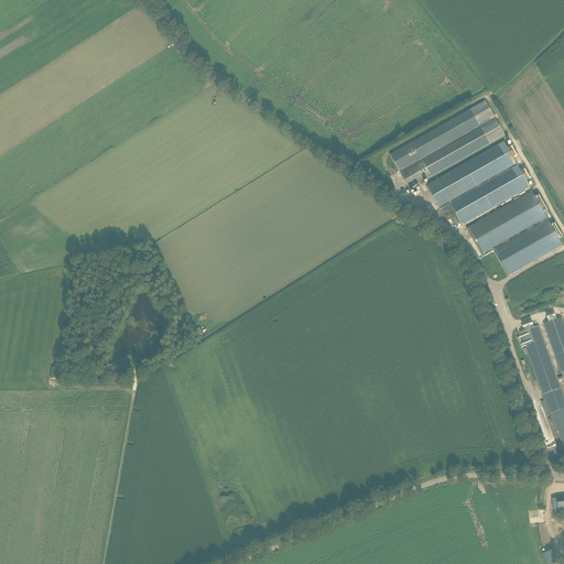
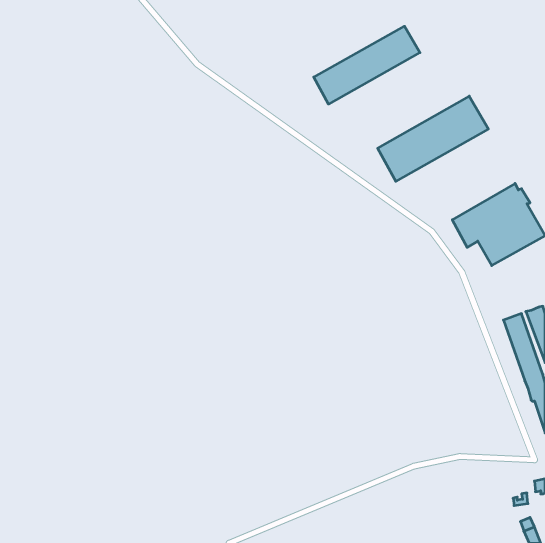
building: none -> [314,26,420,104]
building: [426,140,530,224] -> none

